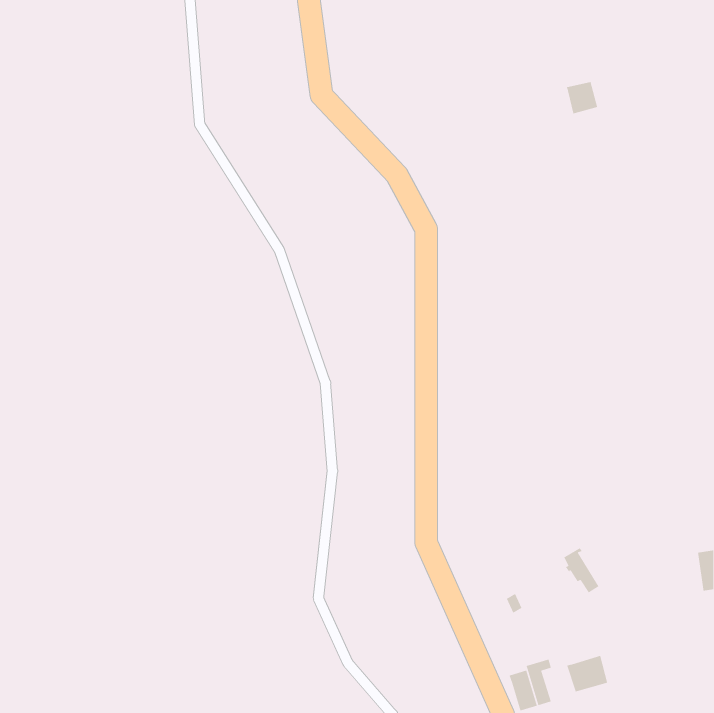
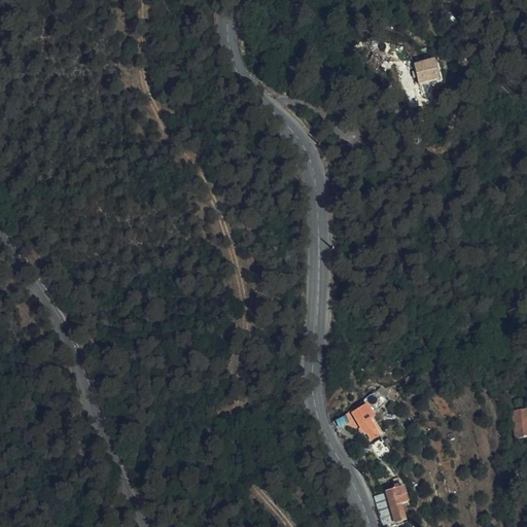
building: [563,547,600,593] -> [353,402,380,436]
building: [566,655,608,693] -> none

